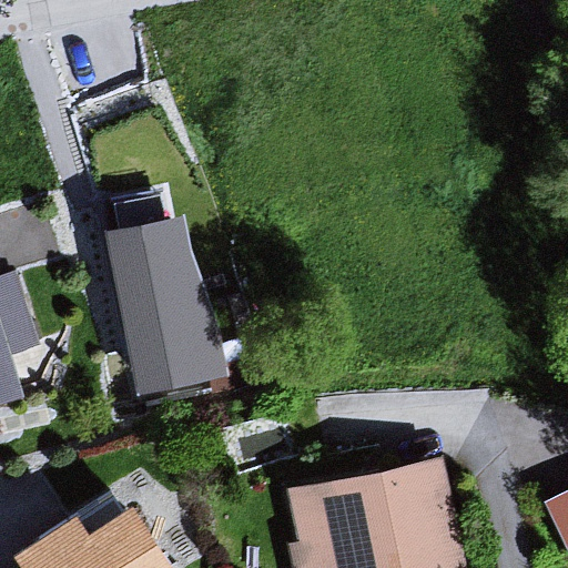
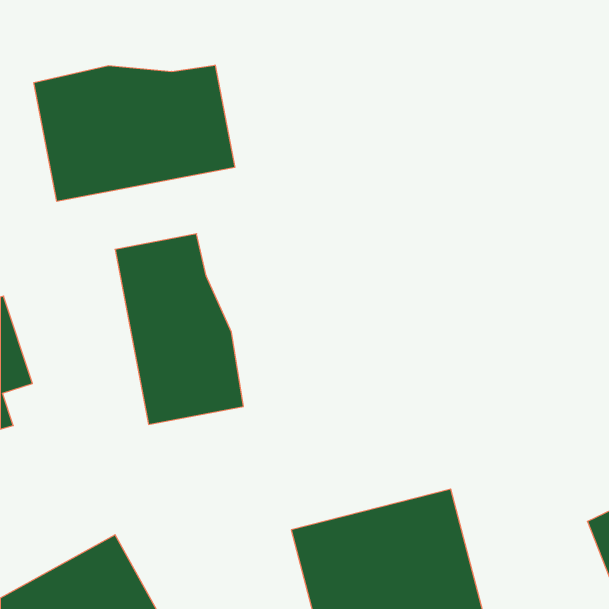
building: none -> [34,65,235,201]

